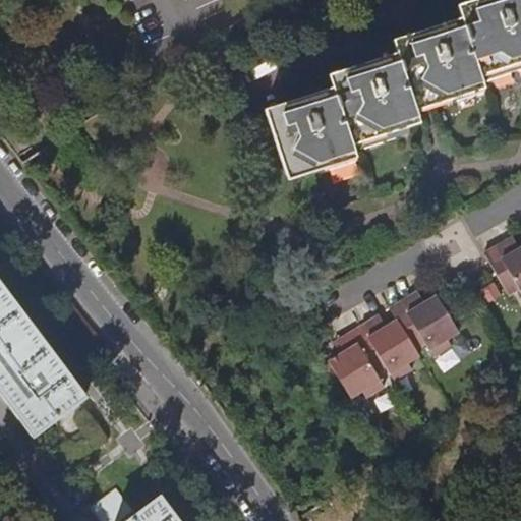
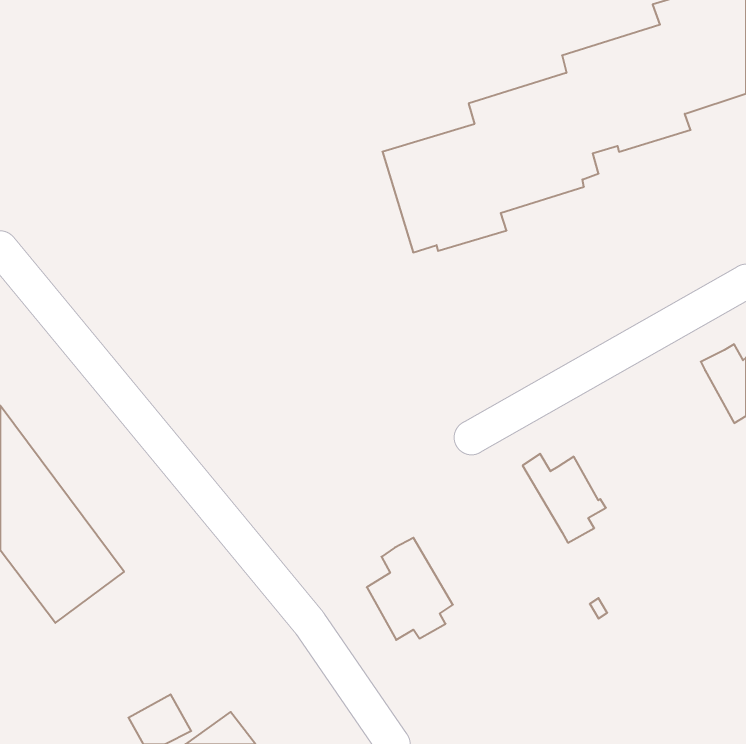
building: [393,294,461,356] -> none
building: [332,325,392,396] -> [367,538,453,640]

